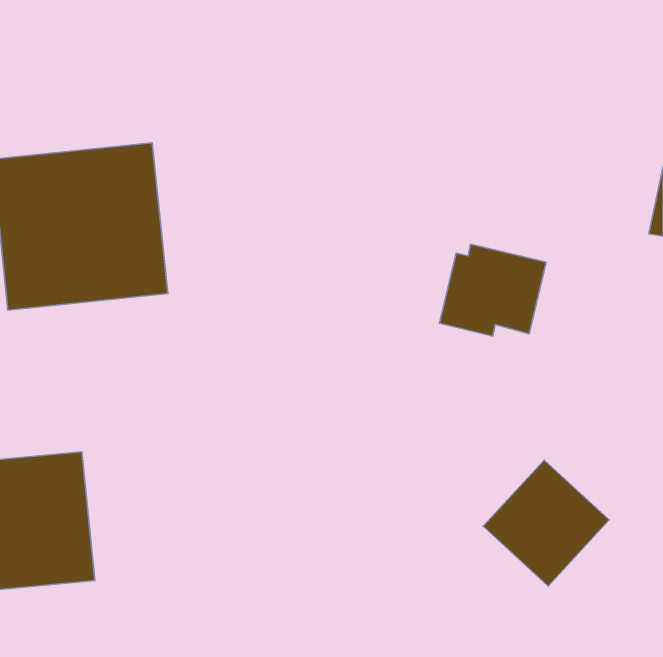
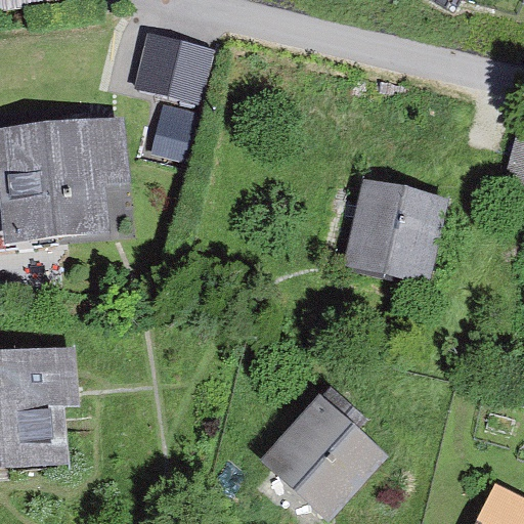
building: none -> [131,32,211,102]
building: [483,460,609,586] -> [271,401,370,500]

